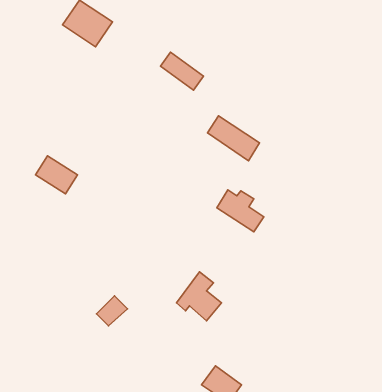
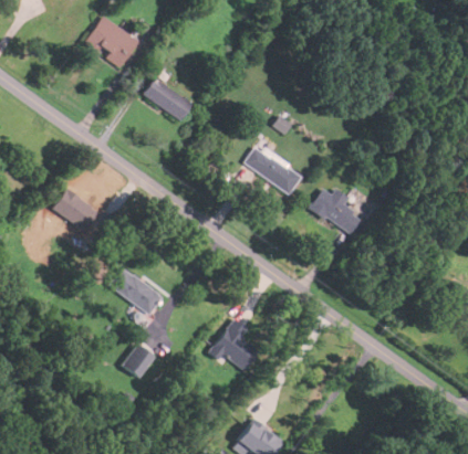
building: [160,52,203,90] -> [144,78,191,120]
building: [217,190,264,232] -> [310,189,362,235]
building: none -> [110,267,162,316]

